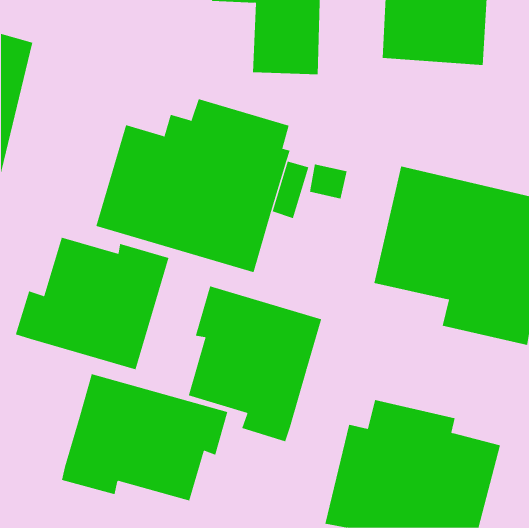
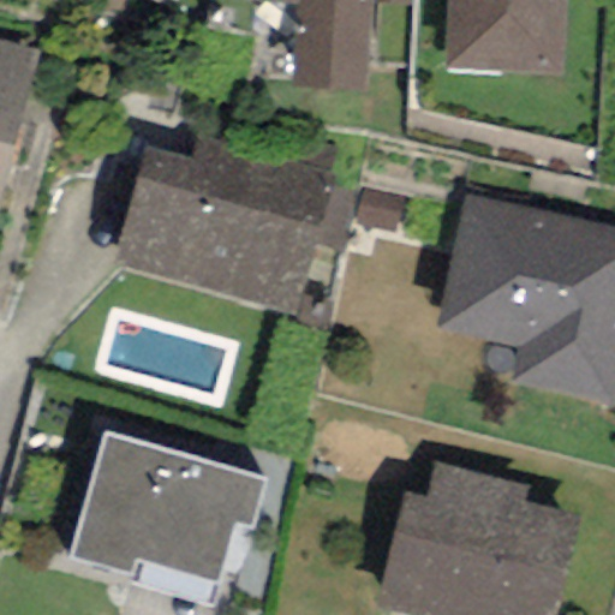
building: [15,237,169,370] -> none
building: [188,286,322,442] -> none

